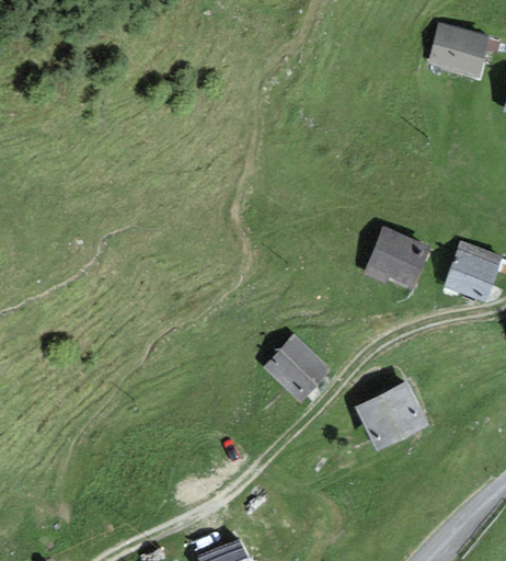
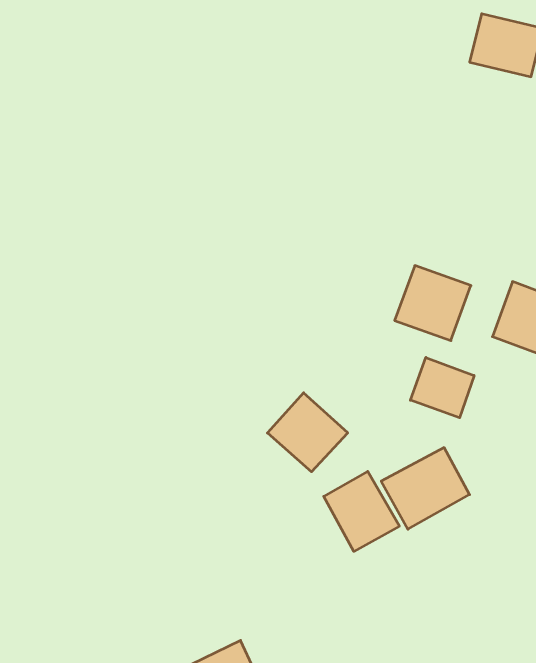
building: none -> [410,357,474,418]
building: none -> [324,471,399,551]

